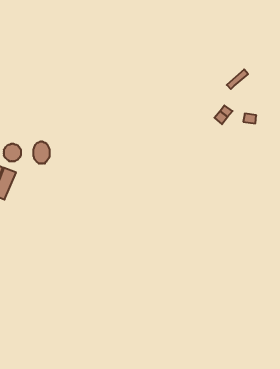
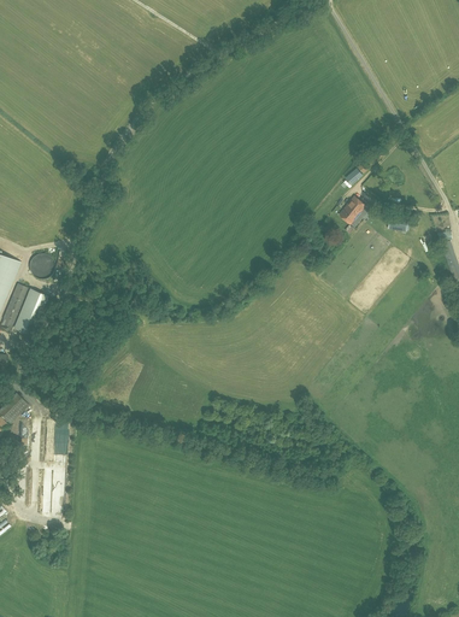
building: [33,141,50,164] -> none

